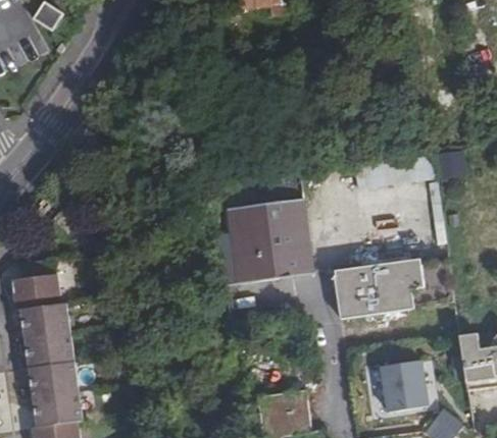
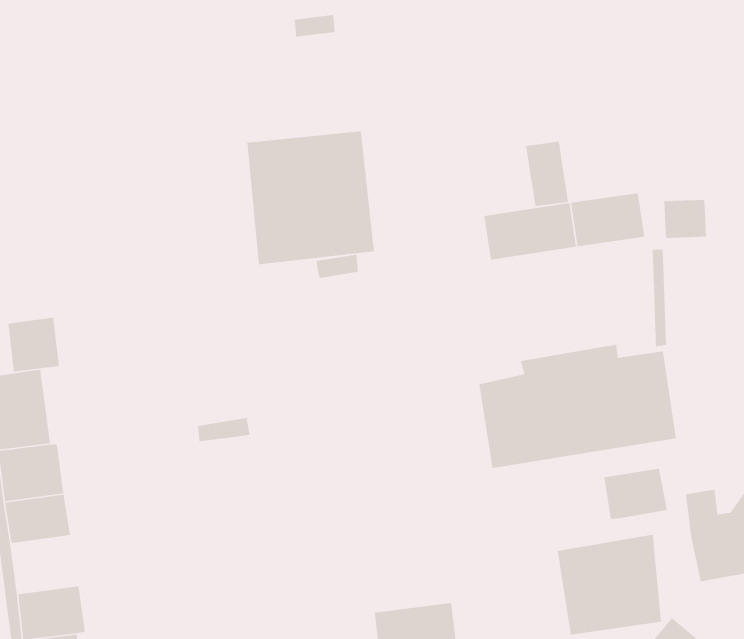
building: none -> [525,141,569,207]
building: [230,199,308,281] -> [247,130,375,265]
building: none -> [7,317,60,373]
building: none -> [604,468,668,520]
building: [37,361,79,396] -> none

